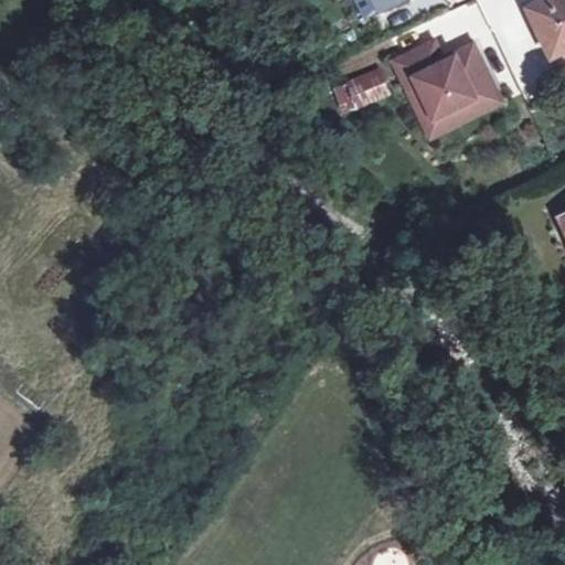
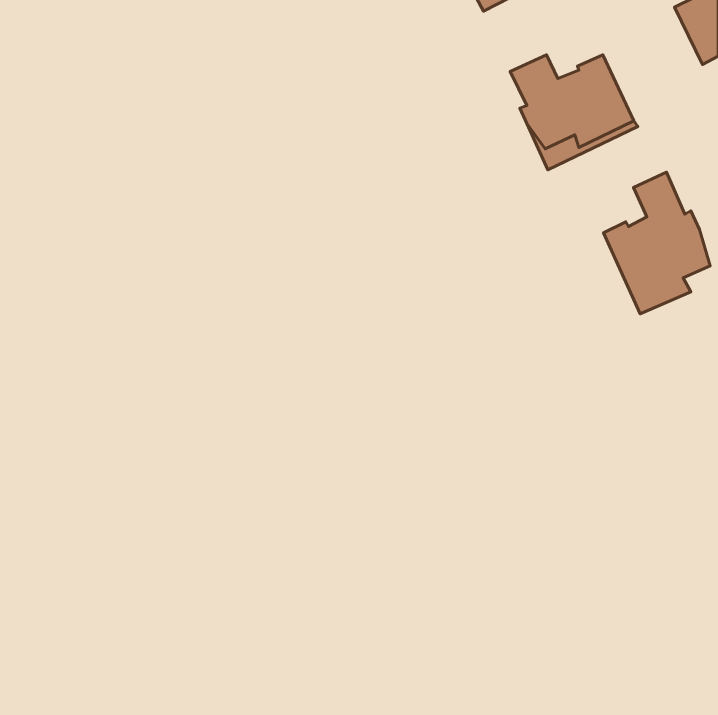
building: [338,67,390,108] -> none
building: none -> [603,172,710,314]

